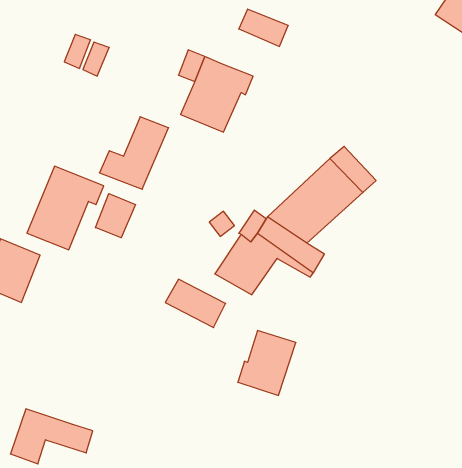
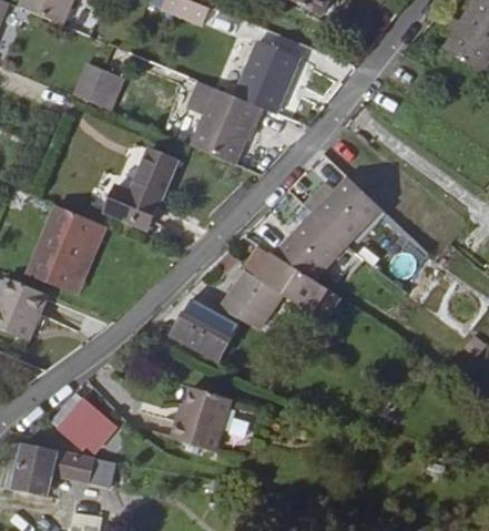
building: none -> [231,61,288,113]
building: [95,194,136,238] -> none
building: [238,331,296,395] -> [174,382,233,448]
building: none -> [51,390,115,448]

